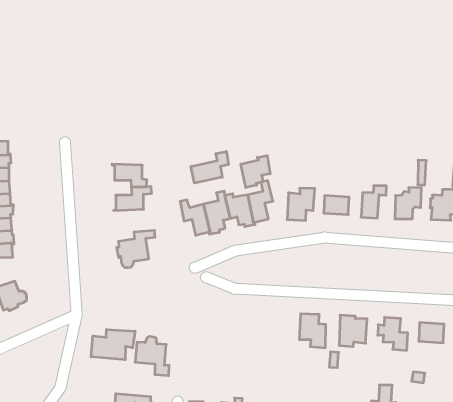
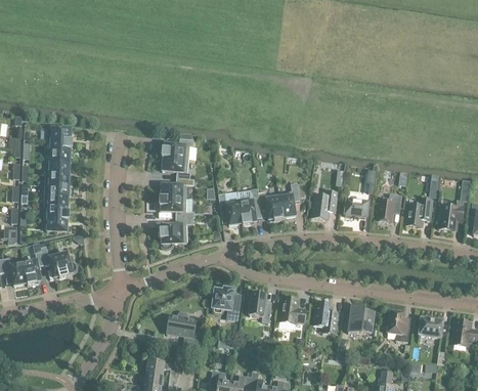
building: none -> [161,137,193,159]
building: [191,151,228,183] -> none
building: [241,156,270,188] -> none
building: none -> [159,197,193,217]
building: none -> [212,288,240,318]
building: none -> [249,292,270,321]
building: none -> [279,296,305,322]
building: [91,329,135,360] -> none

